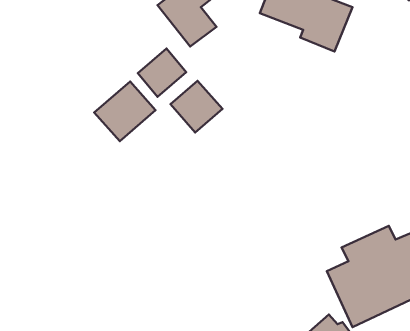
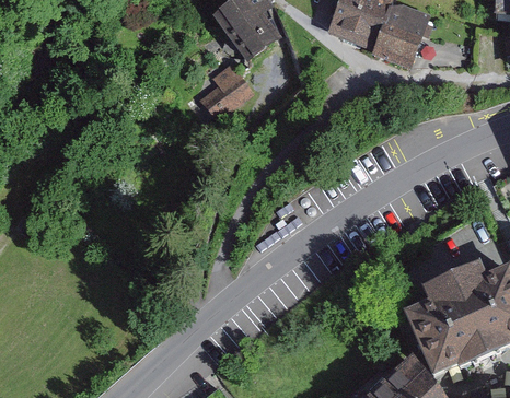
building: [170,81,223,133] -> none
building: [94,81,156,141] -> none

